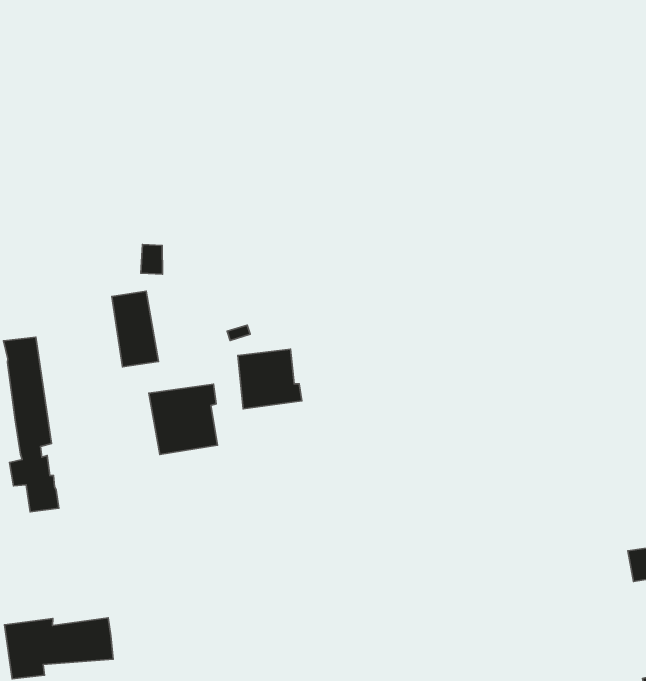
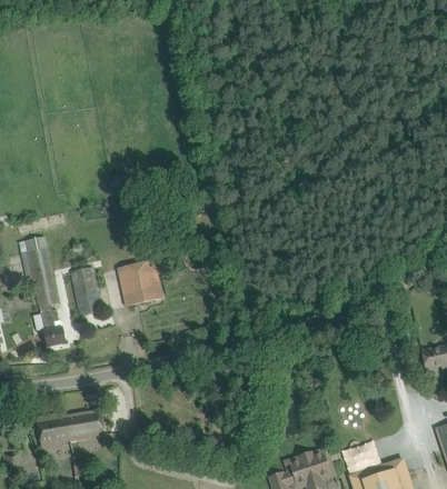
building: [112,291,158,367] -> [71,269,102,317]
building: [238,349,302,409] -> none

